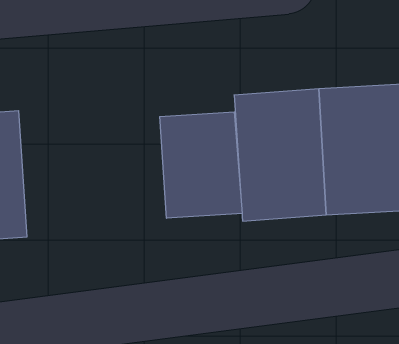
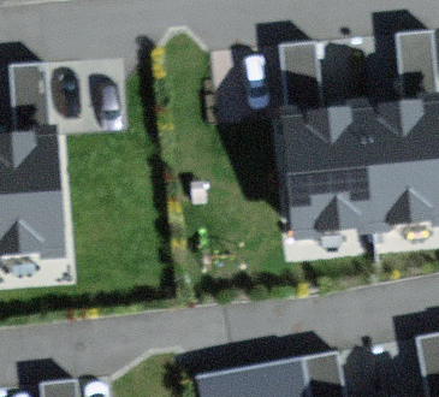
building: [160,112,242,218] -> none

